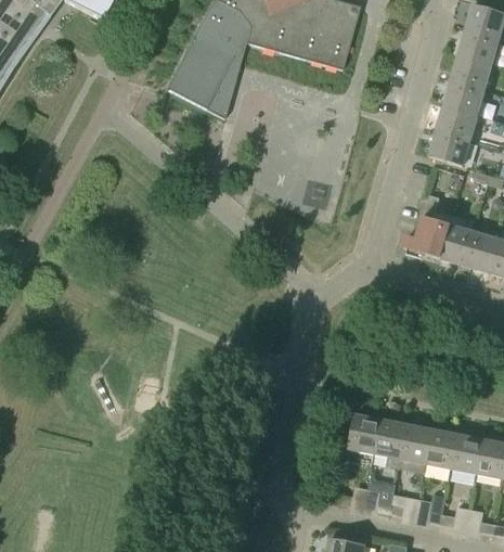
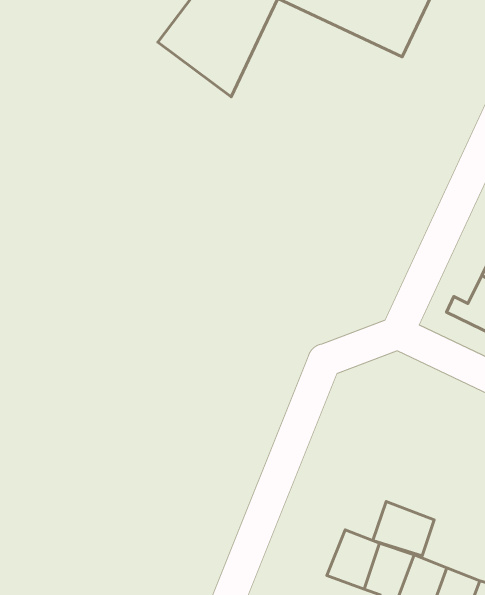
building: none -> [373,502,434,556]

